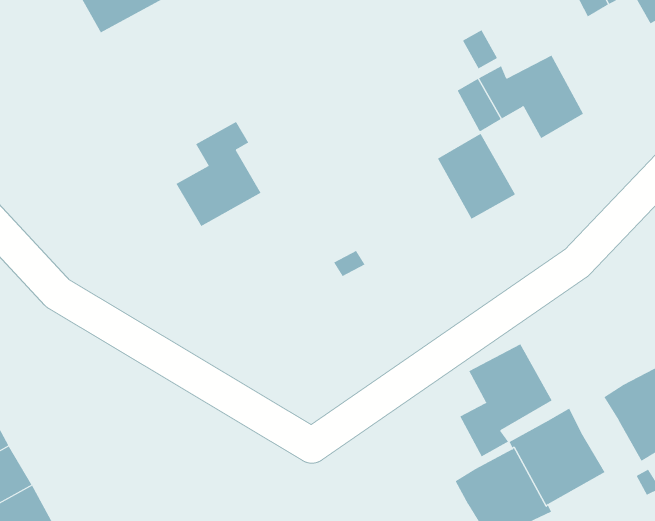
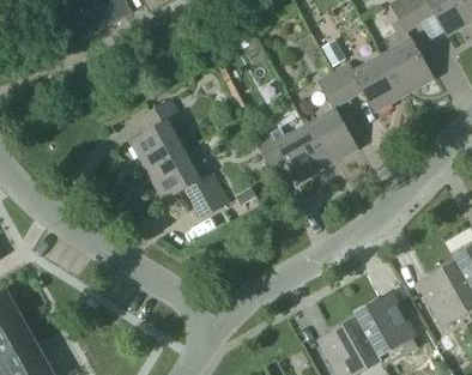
building: none -> [382,38,434,95]
building: none -> [258,125,328,182]
building: none -> [147,147,229,217]
building: [460,343,553,457] -> none

